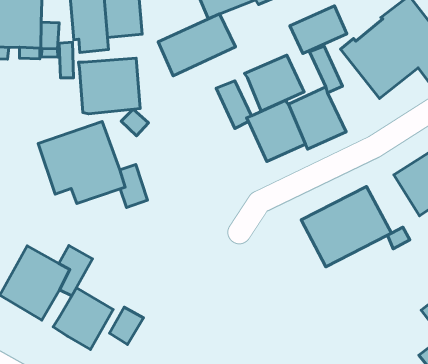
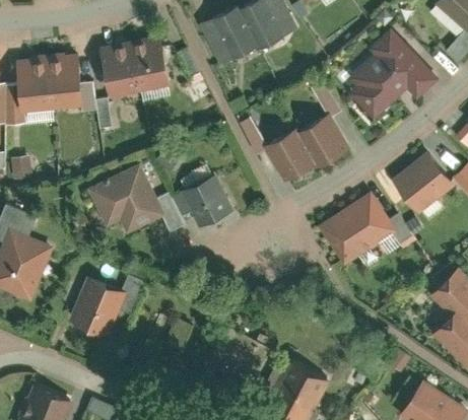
building: [290,6,347,53] -> none
building: [158,14,236,76] -> none
building: [244,55,304,111] -> none
building: [78,58,140,114] -> none
building: none -> [180,171,233,227]
building: [53,288,113,349] -> none

